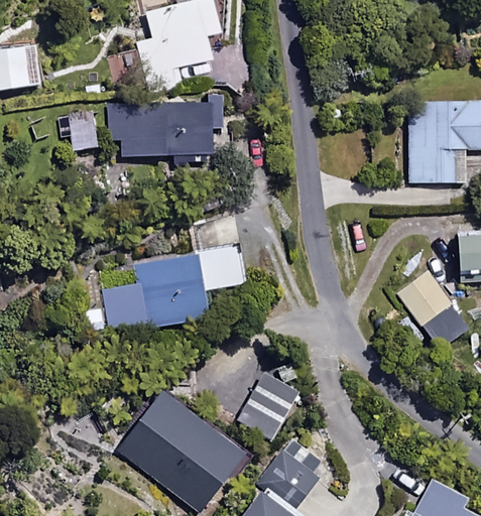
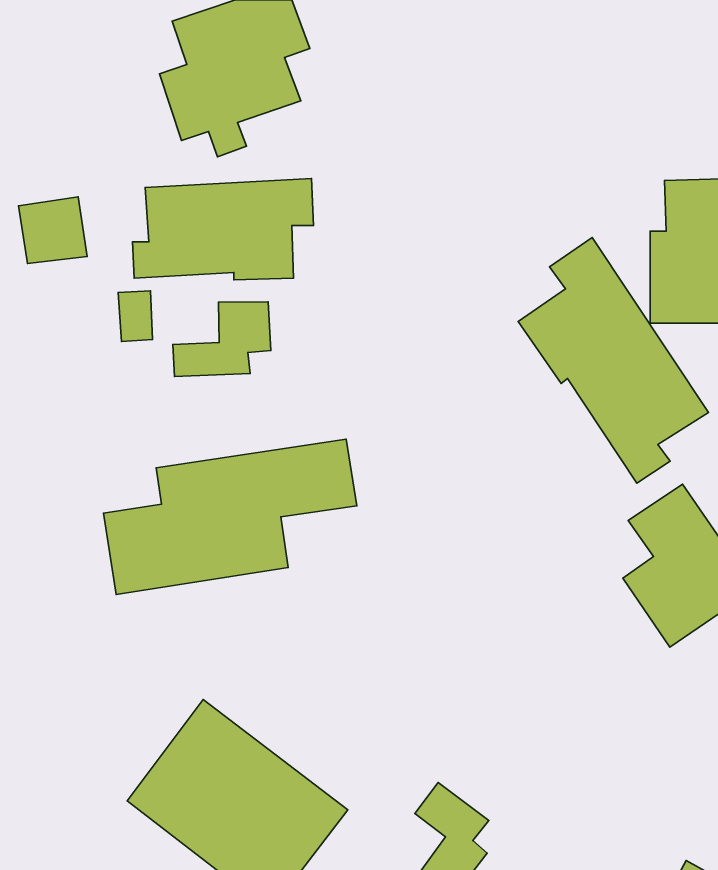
building: none -> [518,238,708,483]
building: none -> [173,302,271,376]
building: [238,360,299,438] -> none

